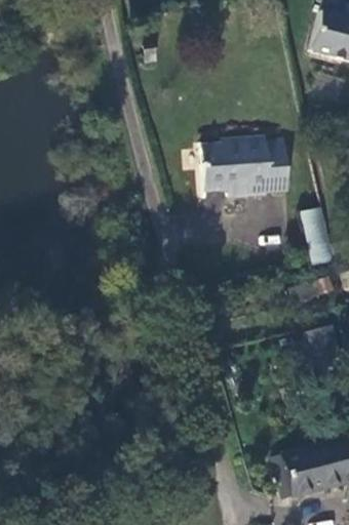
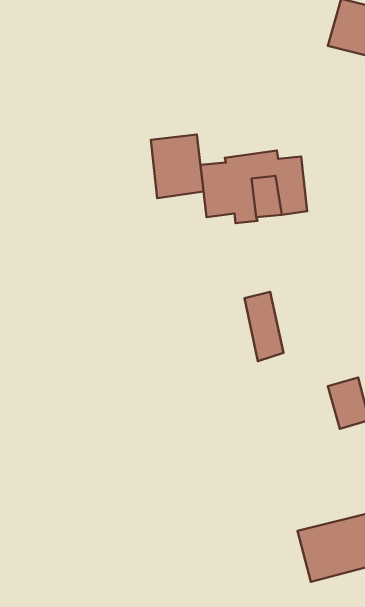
building: none -> [151,134,203,198]
building: [300,205,333,264] -> [245,292,283,361]

